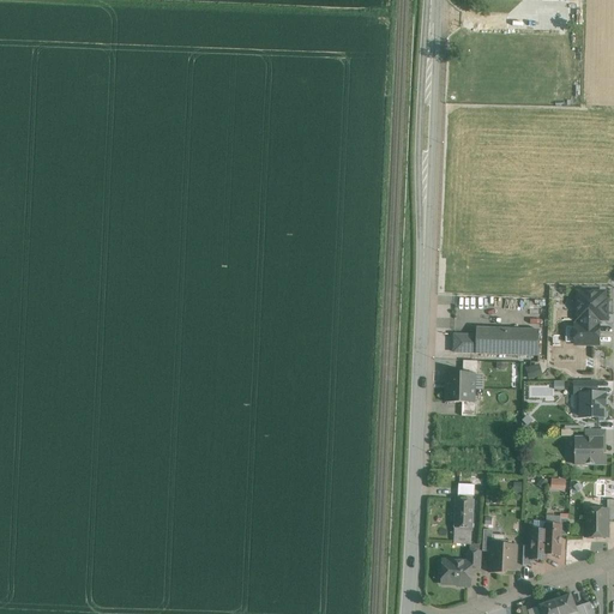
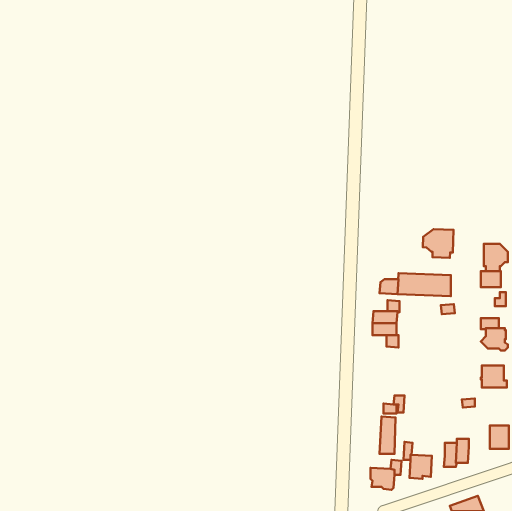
building: none -> [423,229,454,258]

